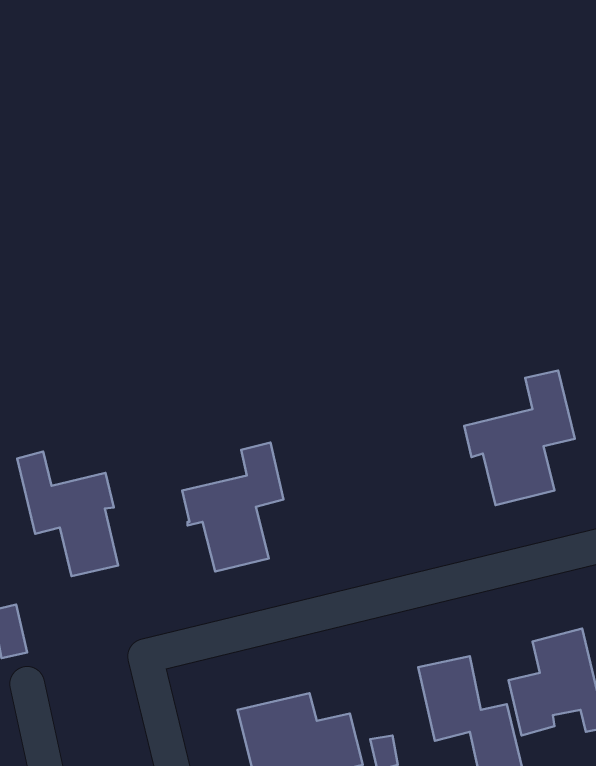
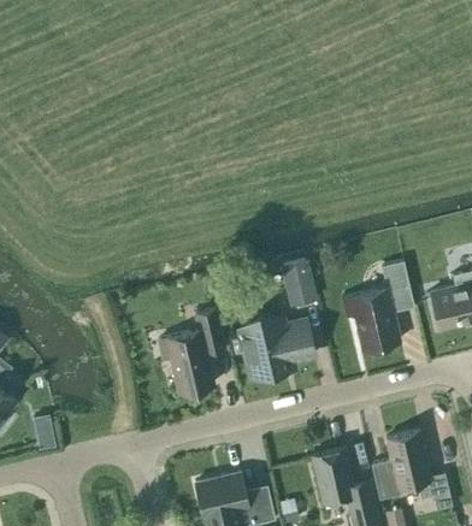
building: none -> [281,260,318,307]
building: [17,452,118,576] -> none
building: none -> [242,317,313,377]

